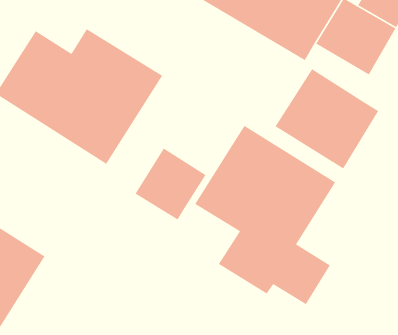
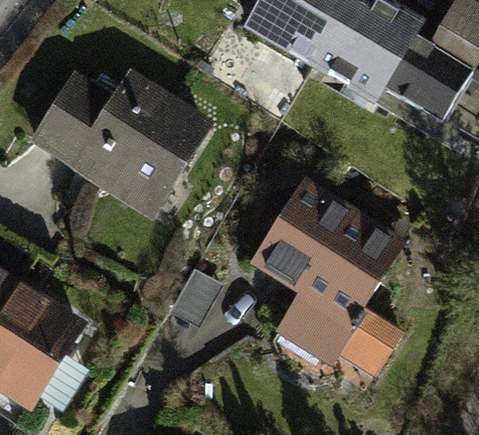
building: [275,68,379,169] -> none
building: [135,147,207,220] -> none

